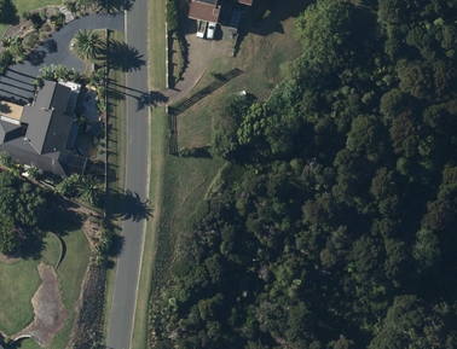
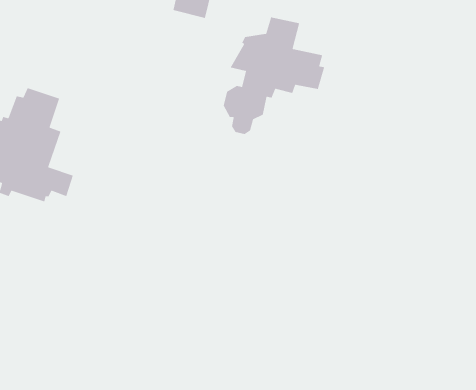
building: none -> [223,16,325,135]

